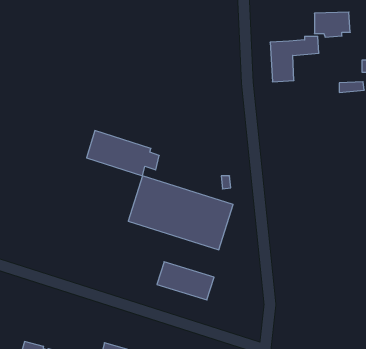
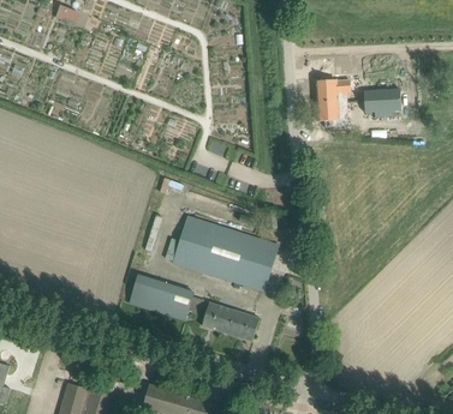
building: [314,12,350,37] -> [363,91,399,116]
building: [87,131,159,176] -> [129,274,202,319]

